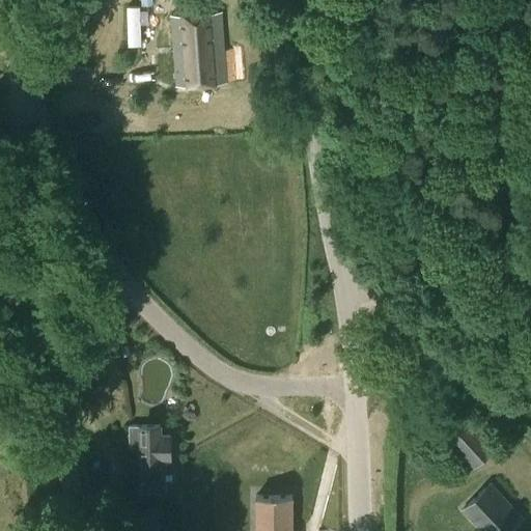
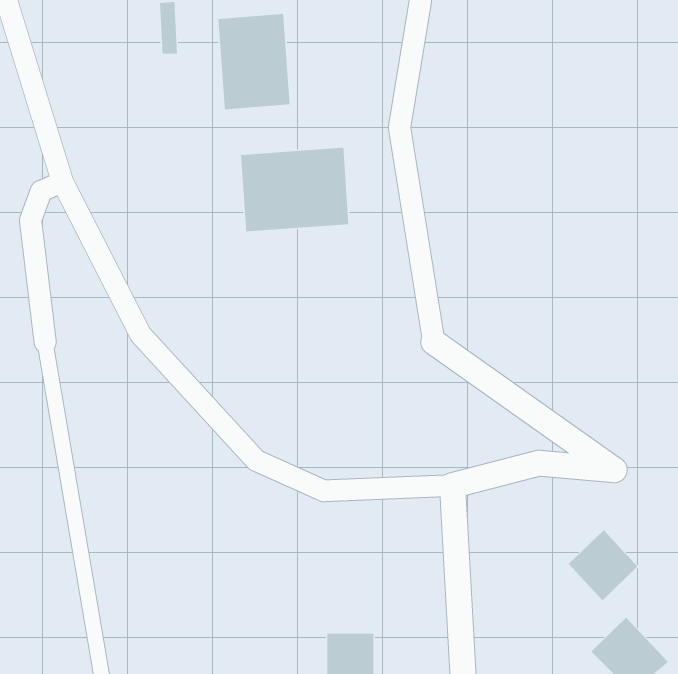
building: none -> [240,147,349,232]
building: [129,427,171,493] -> none

